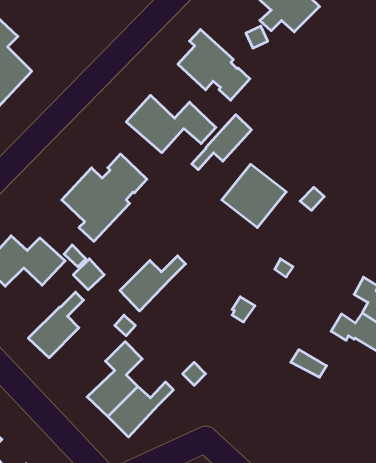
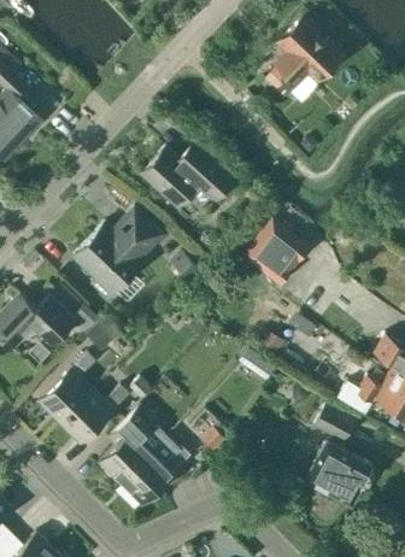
building: [178,29,250,100] -> none
building: [192,115,251,170] -> none
building: [120,256,186,311] -> [60,386,129,444]
building: none -> [305,441,374,505]

